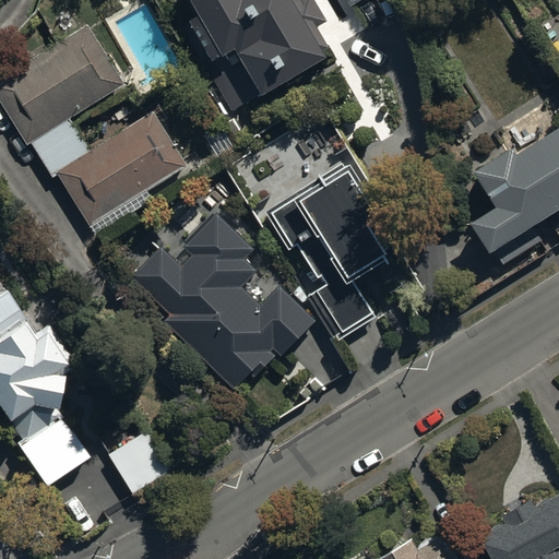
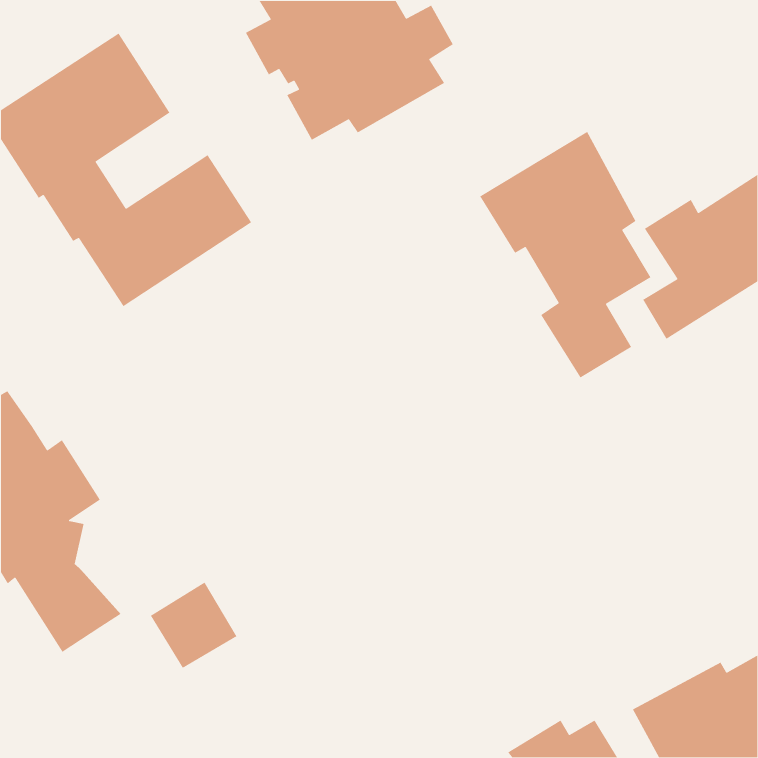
building: [263,160,390,343] -> [479,131,651,378]
building: [133,212,313,392] -> none

